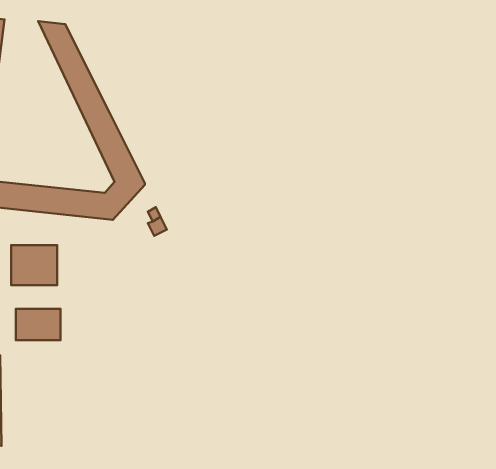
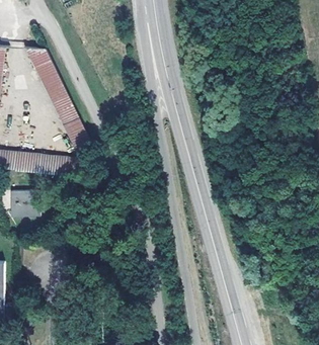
building: [16,309,60,340] -> none

